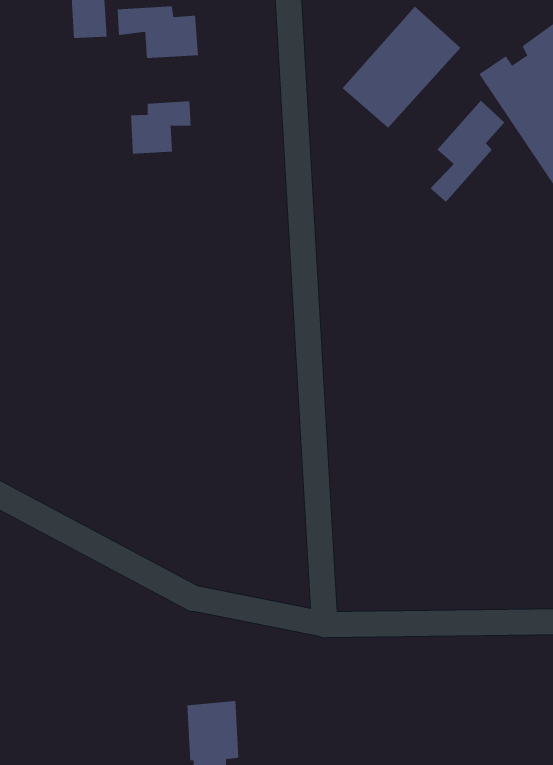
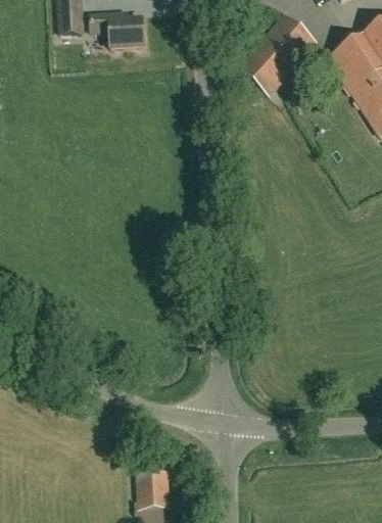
building: [429,100,505,203] -> none
building: [131,101,191,154] -> none

